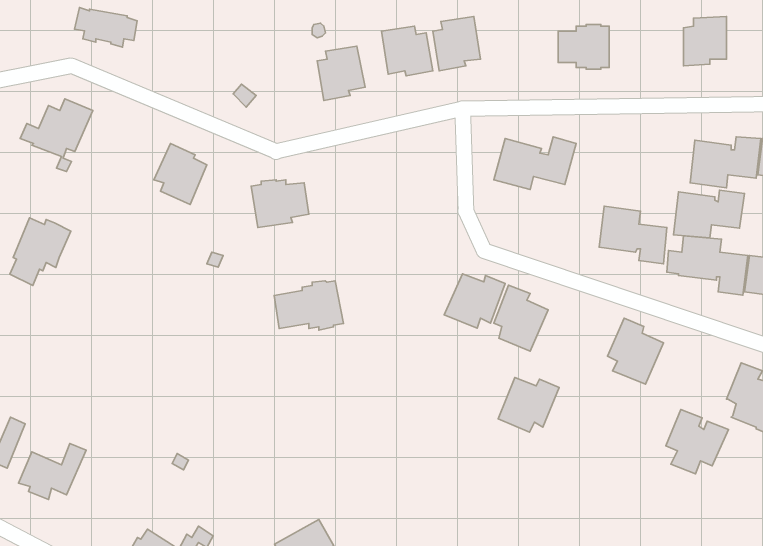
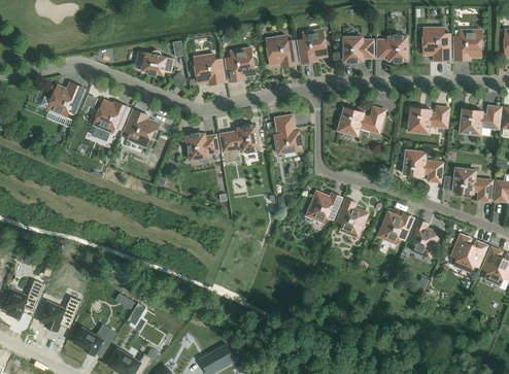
building: [75,8,137,47] -> [134,50,173,75]
building: none -> [422,27,449,60]
building: none -> [340,35,374,63]
building: none -> [193,54,225,84]
building: none -> [272,112,302,155]
building: [673,190,744,238] -> [406,104,450,134]
building: [10,218,71,286] -> [91,99,129,141]
building: [274,281,343,330] -> [217,123,261,154]
building: [498,378,559,432] -> [376,210,414,244]
building: [666,410,729,474] -> [449,232,488,272]
building: none -> [73,327,115,353]

